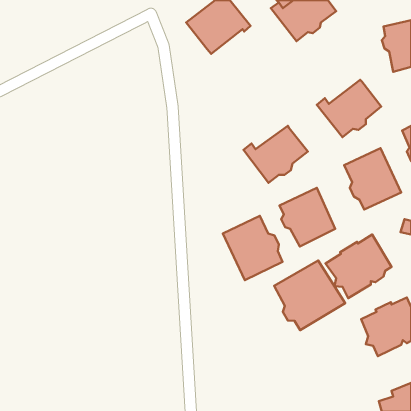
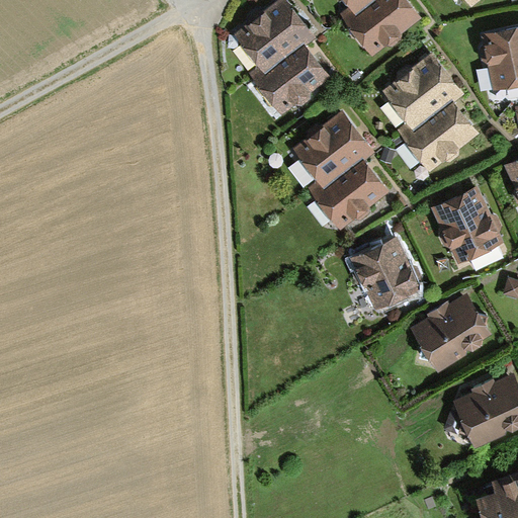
building: none -> [250,37,330,111]
building: none -> [382,54,464,132]
building: none -> [291,111,373,188]
building: [223,216,282,280] -> none
building: [274,260,345,330] -> none

